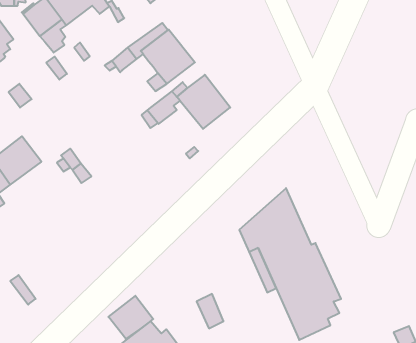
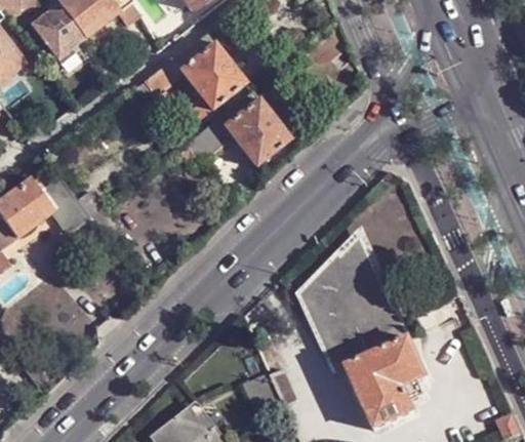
building: [108,296,153,339] -> none

